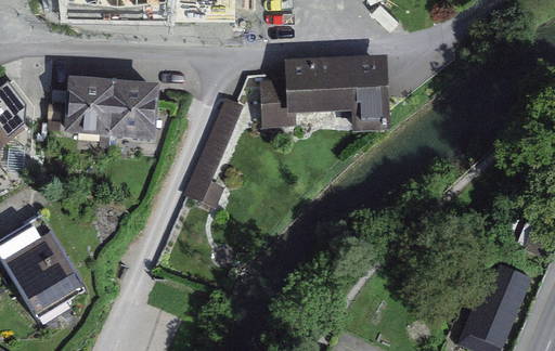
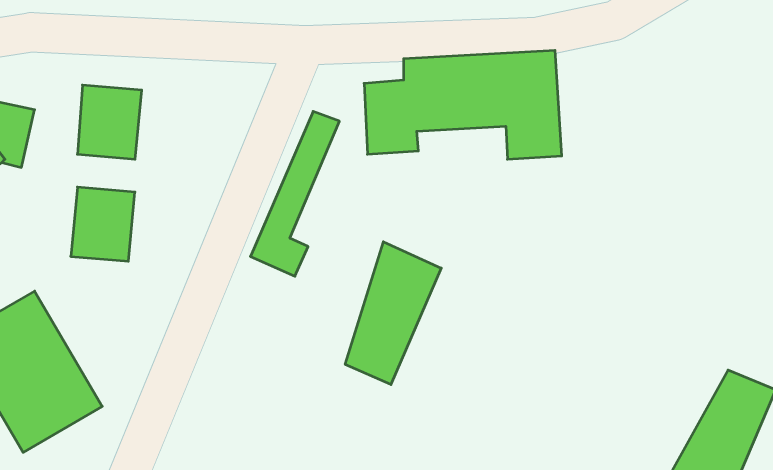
building: [108,83,151,132] -> [71,187,135,261]
building: none -> [345,242,441,385]

